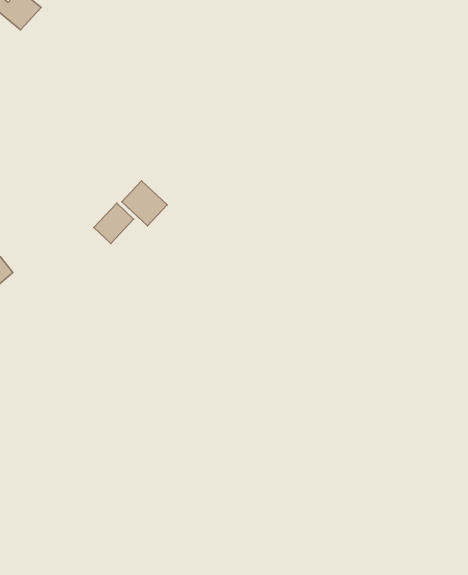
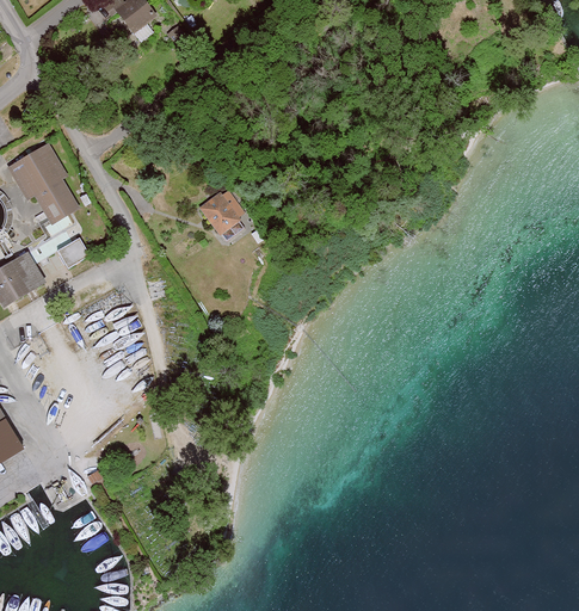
building: [94,203,133,243] -> none

